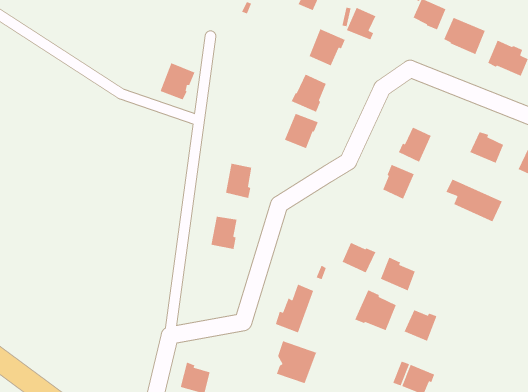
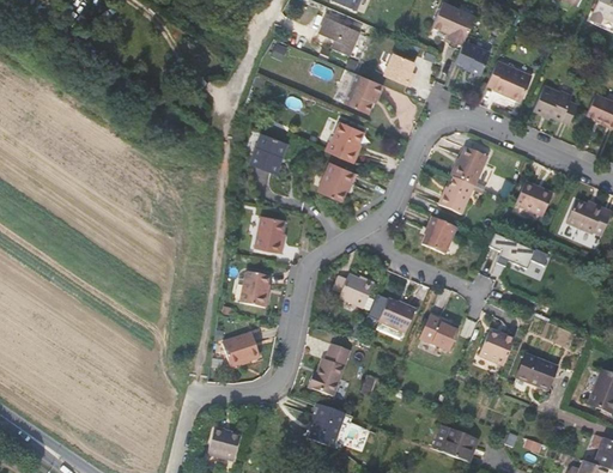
building: [159,62,196,101] -> [249,132,287,172]
building: none -> [451,146,487,186]
building: none -> [333,273,374,308]
building: none -> [221,332,259,366]
building: [354,289,397,331] -> none
building: none -> [516,353,557,389]
building: [404,309,438,342] -> [478,331,514,365]

